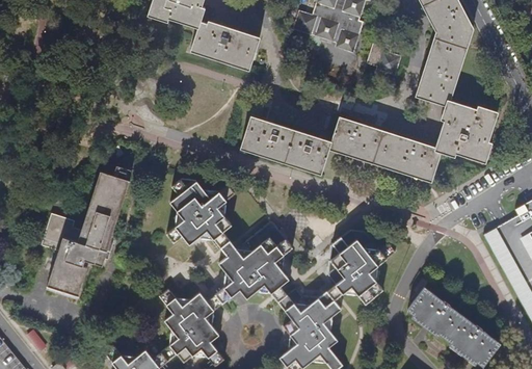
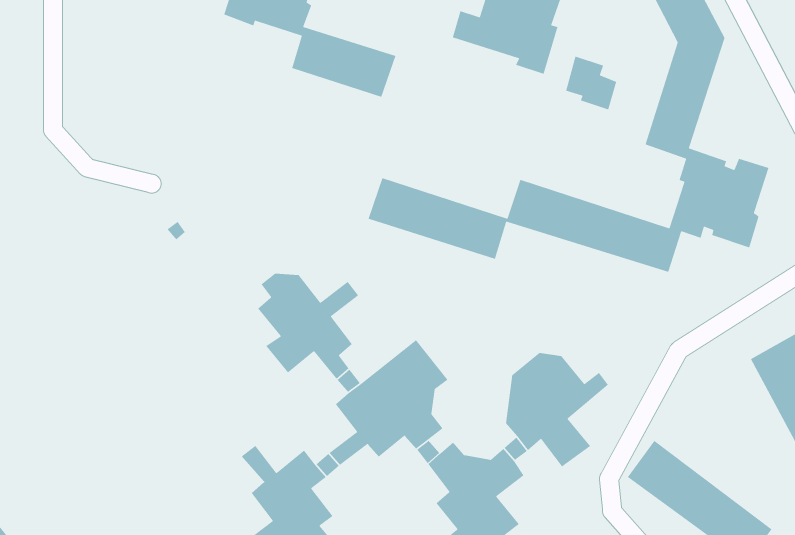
building: [44,170,130,296] -> none

